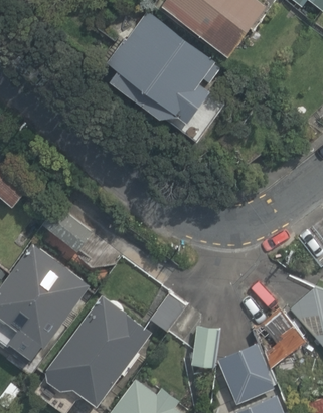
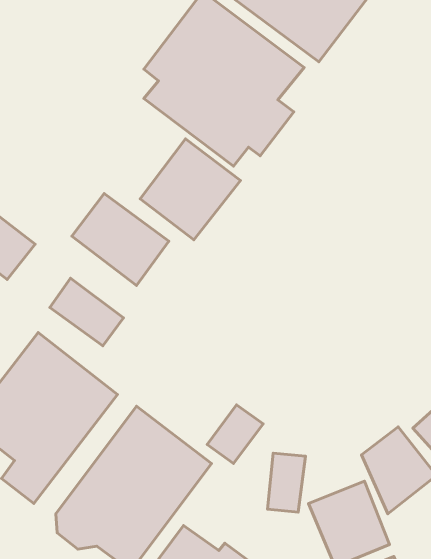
building: none -> [140,139,240,240]
building: none -> [72,193,169,285]

